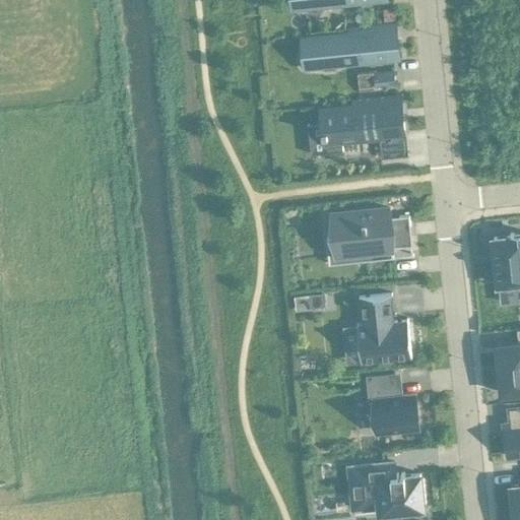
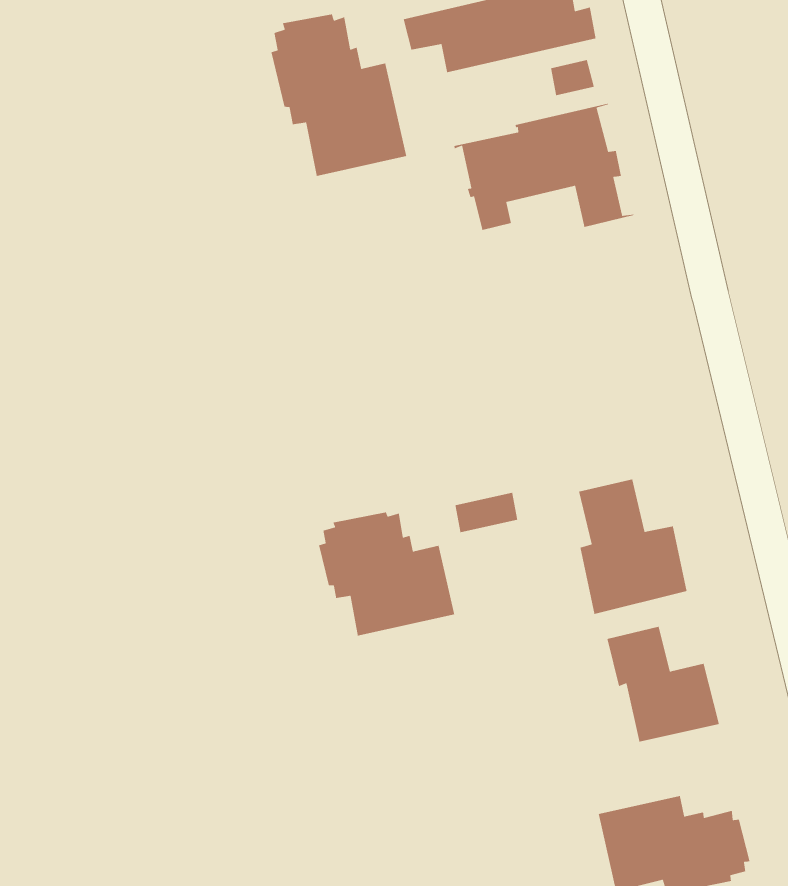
building: none -> [270,13,407,177]
building: [325,209,411,266] -> none
building: none -> [318,511,455,636]

